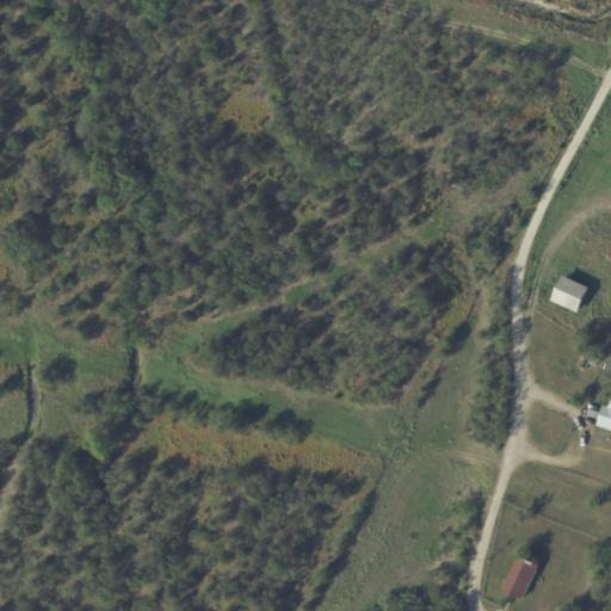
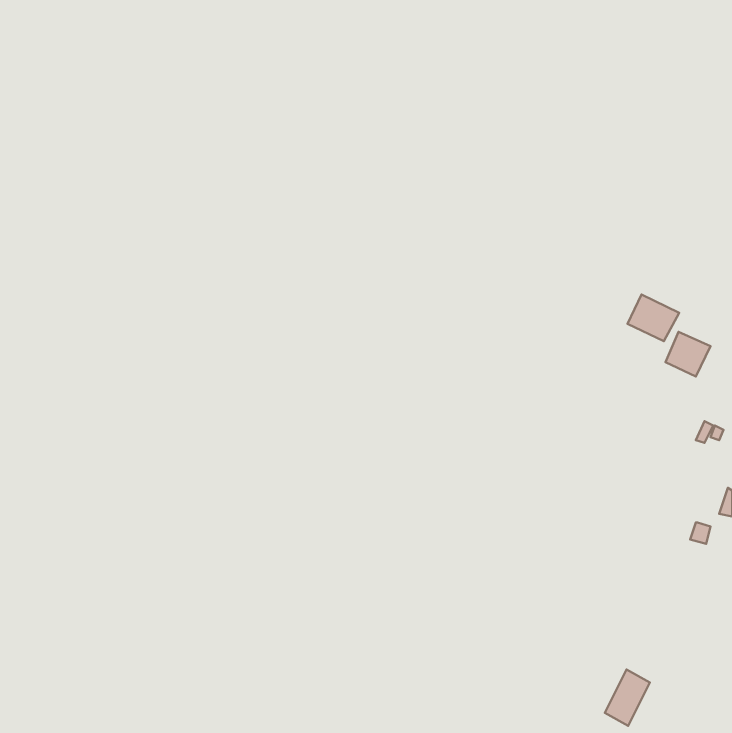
building: none -> [627,294,679,341]

